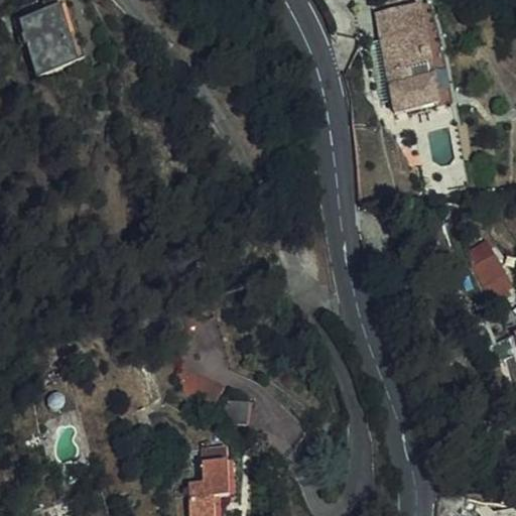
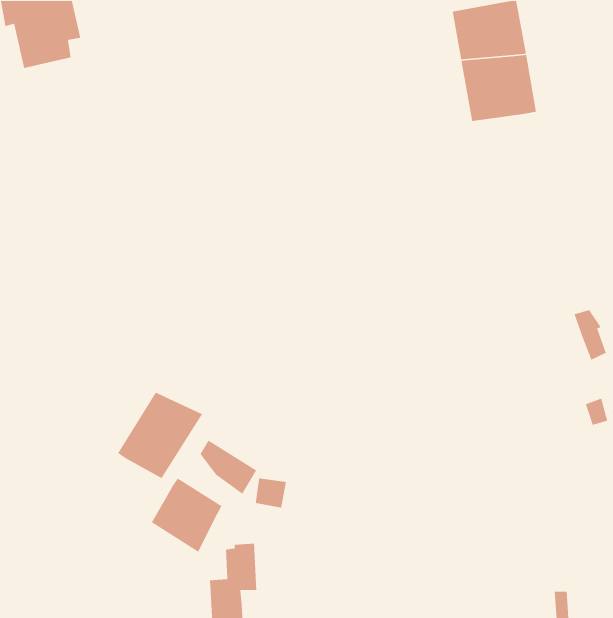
building: none -> [117,392,203,479]
building: none -> [151,478,222,553]

